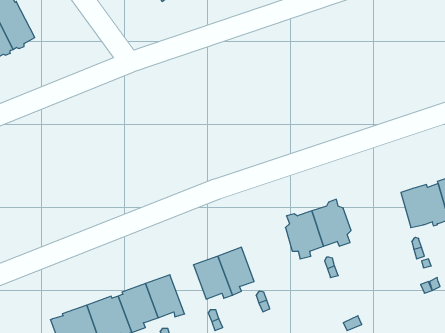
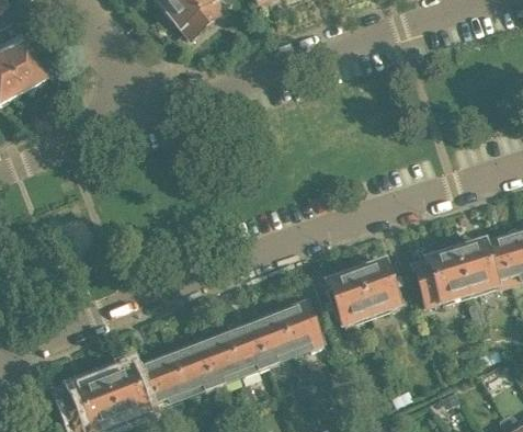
building: none -> [414,251,467,304]
building: none -> [277,299,321,351]
building: none -> [197,332,238,387]

